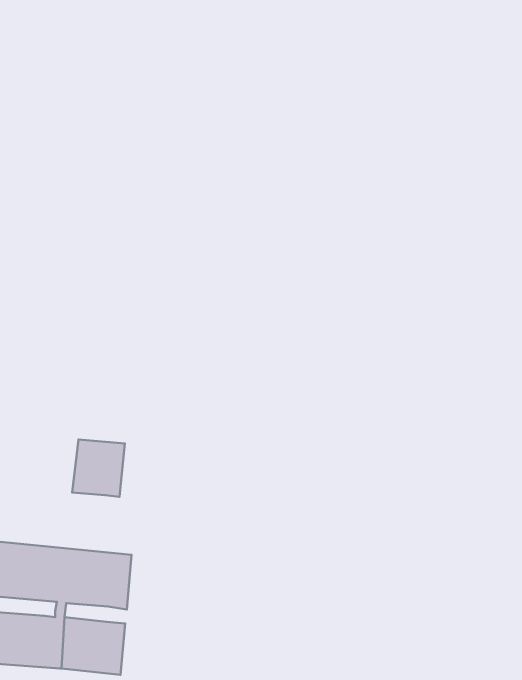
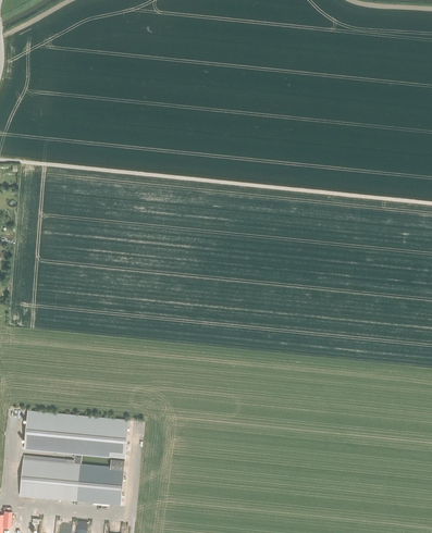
building: [72,439,125,497] -> none

